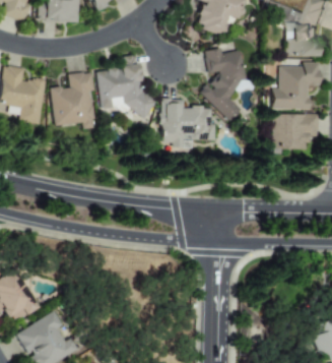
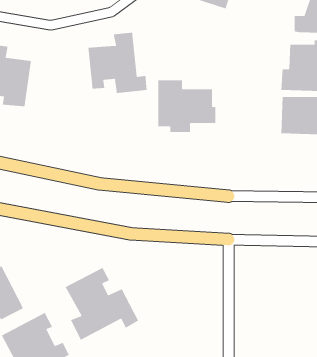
building: [203,48,246,117] -> none
building: [49,72,92,129] -> none
building: none -> [64,267,139,341]

